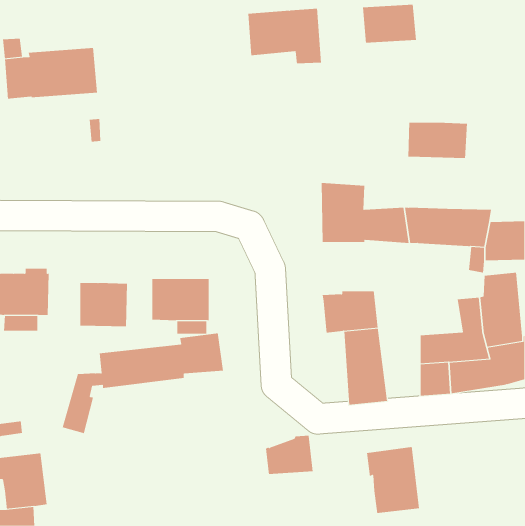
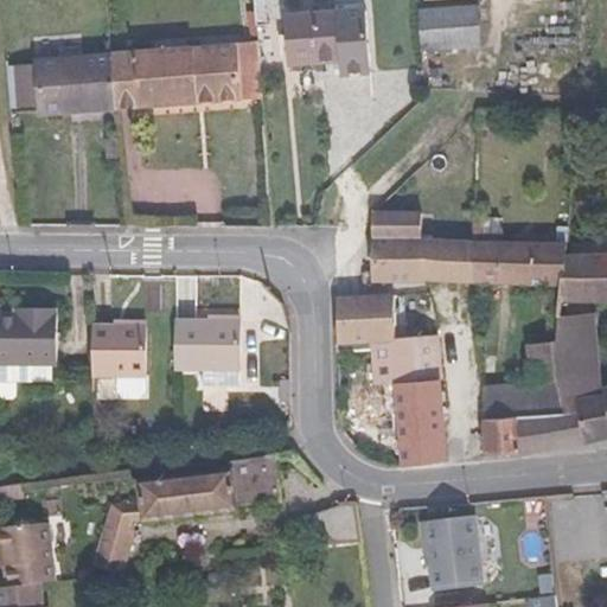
building: none -> [108,44,260,108]
building: [408,122,467,159] -> none
building: none -> [334,295,392,341]
building: [62,333,224,434] -> [95,456,281,573]

